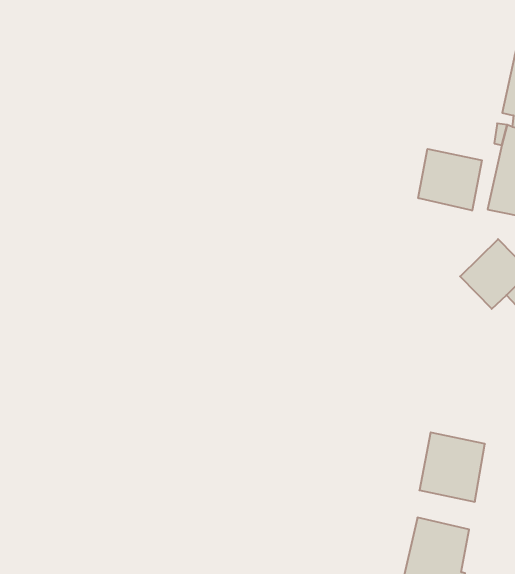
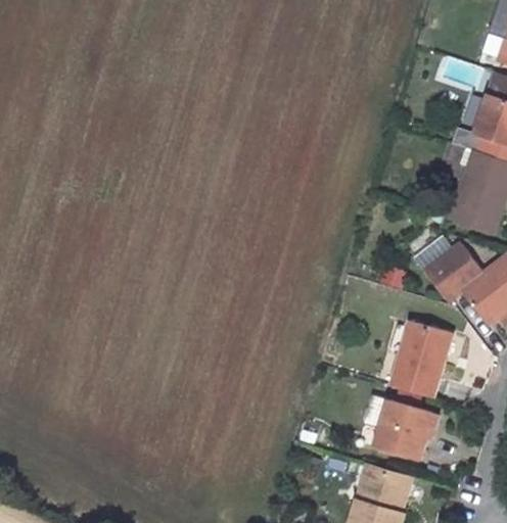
building: [418,149,482,211] -> none
building: none -> [391,315,452,397]

